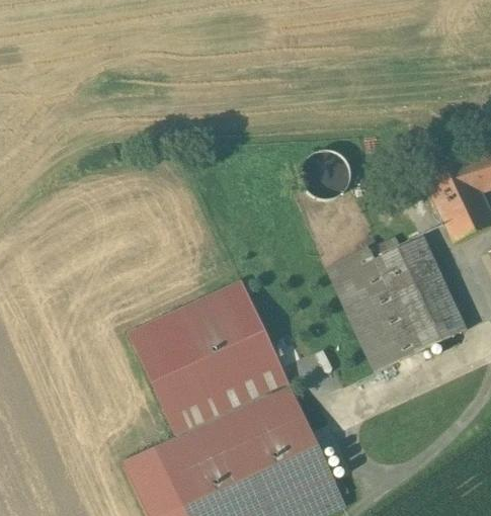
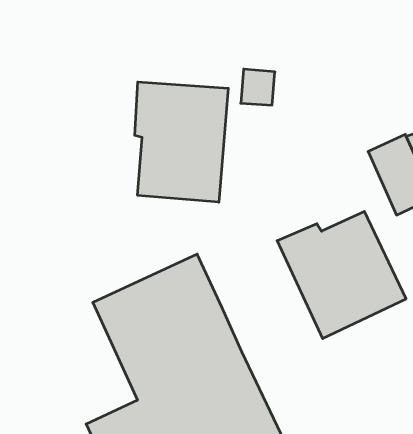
building: none -> [135,82,228,202]
building: [314,153,350,191] -> [241,69,275,105]

